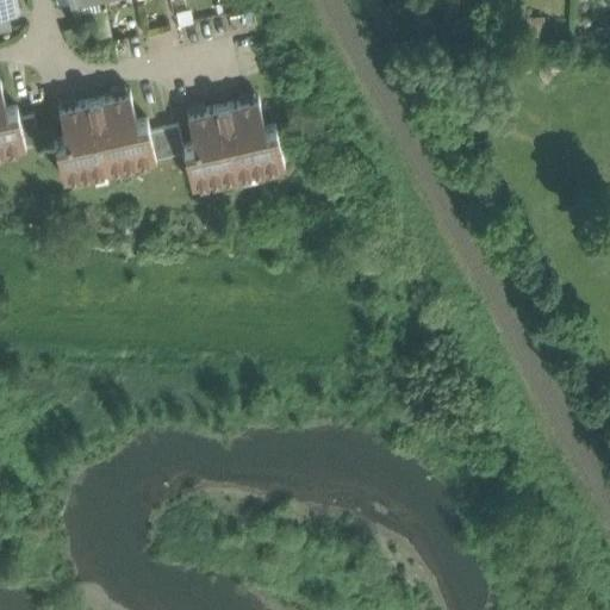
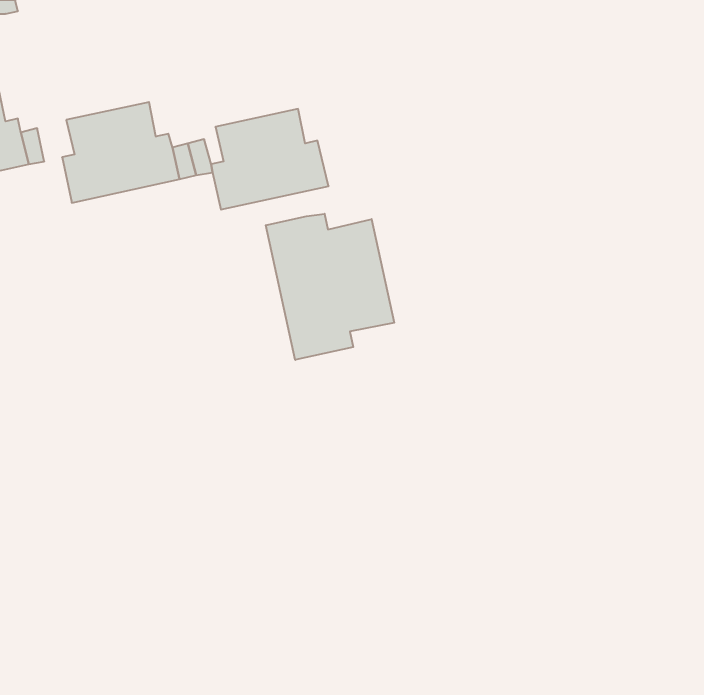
building: none -> [266,214,394,360]

